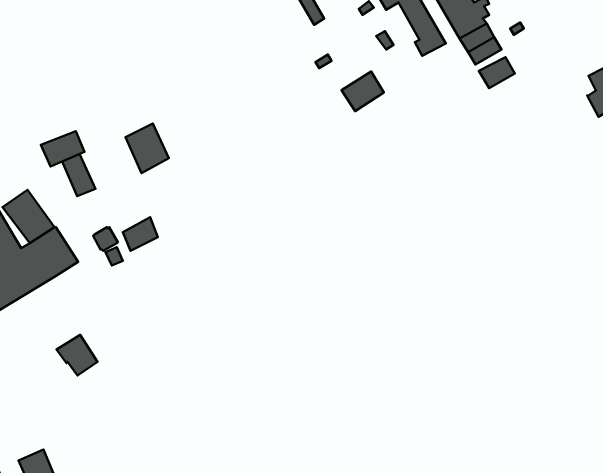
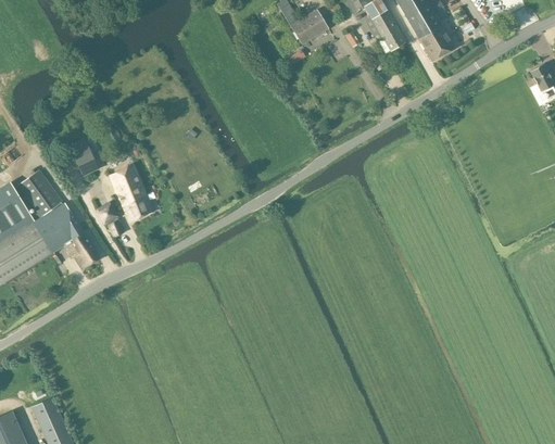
building: [479,57,515,88] -> none
building: [341,71,384,111] -> [290,10,327,45]
building: [125,123,169,173] -> [109,164,147,207]
building: [41,131,85,166] -> none
building: [56,335,97,376] -> [63,233,99,269]

